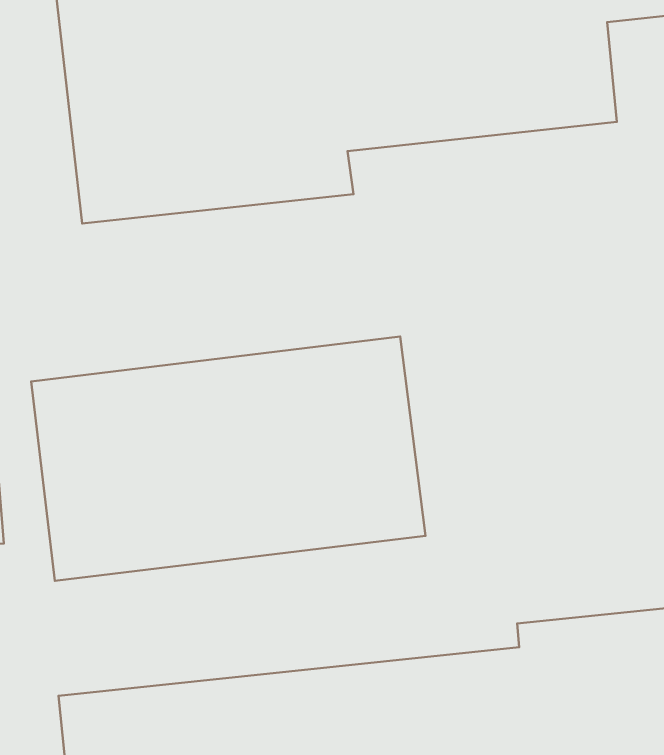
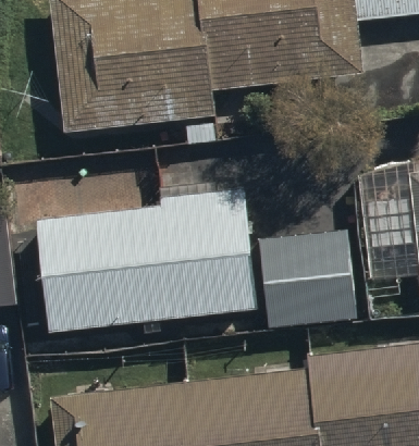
building: none -> [259,231,357,330]

